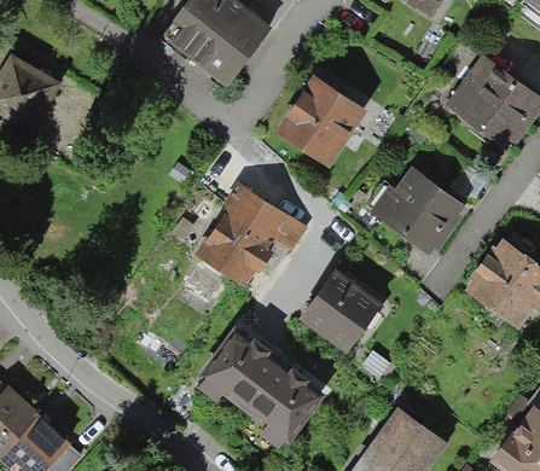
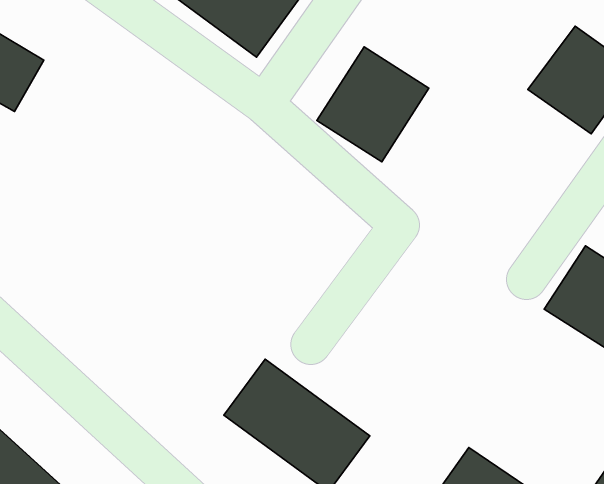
building: [374,167,464,254] -> none
building: [196,181,303,291] -> none
building: [303,261,391,349] -> none

